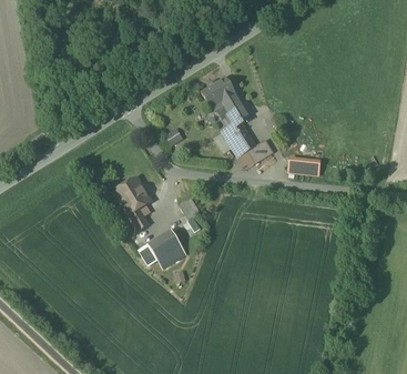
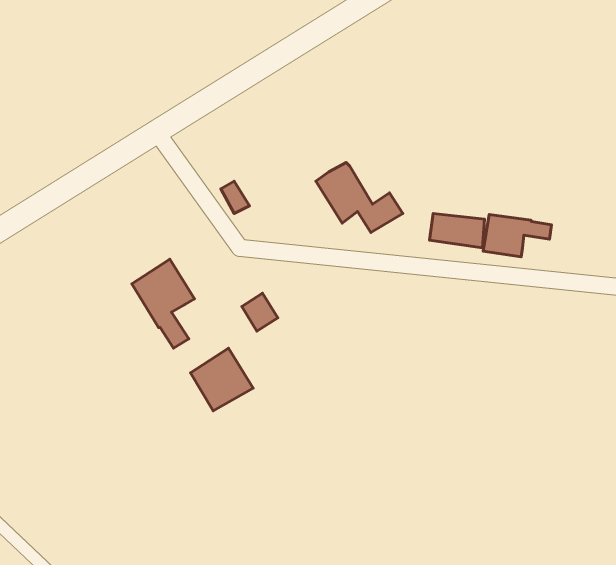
building: [201,77,251,127] -> none
building: none -> [483,215,552,257]

